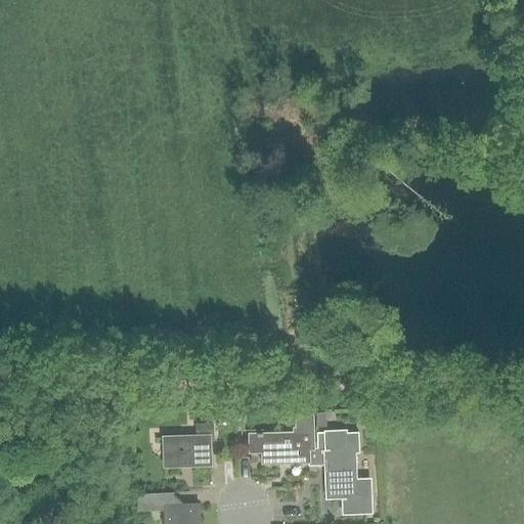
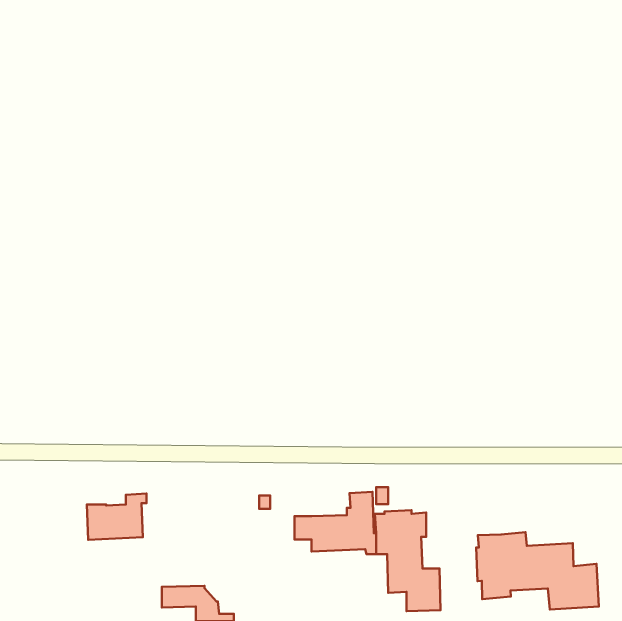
building: [163,428,213,467] -> [87,493,146,540]
building: none -> [476,532,599,610]

